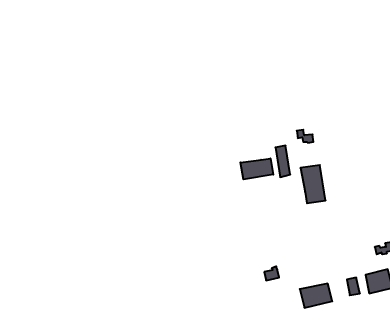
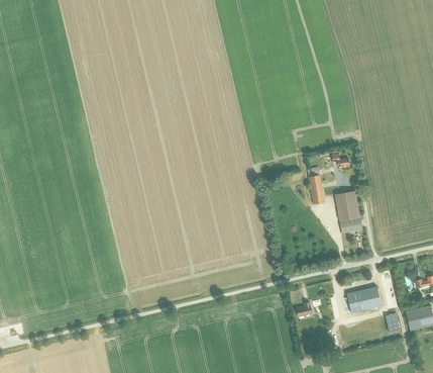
building: [240,158,273,179] -> none
building: [300,284,332,308] -> [345,286,381,312]

